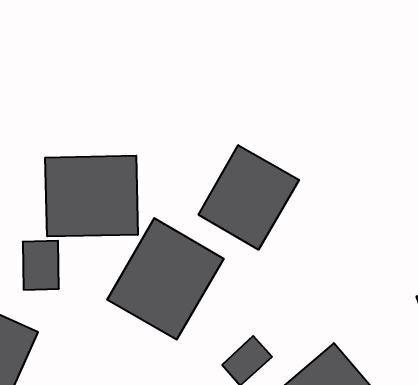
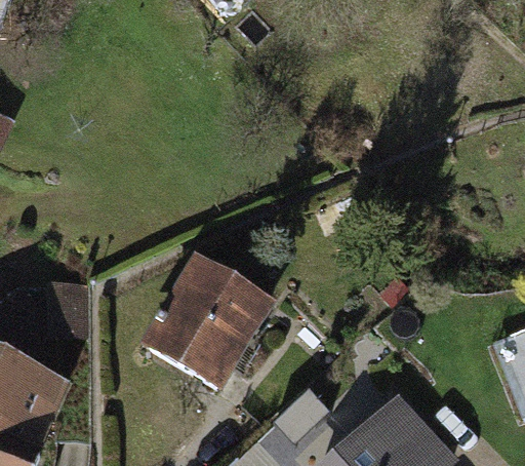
building: [199,145,299,250] -> none
building: [45,156,138,236] -> none

